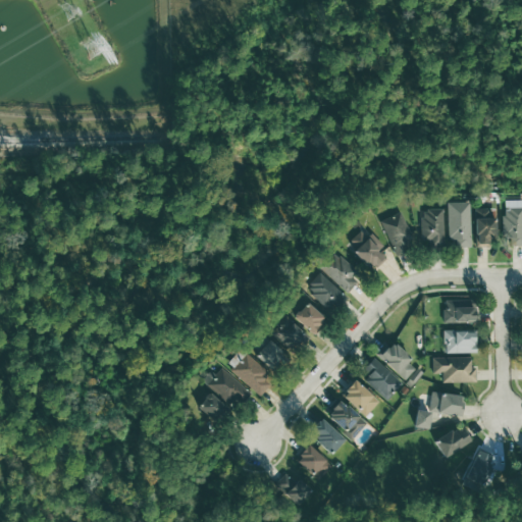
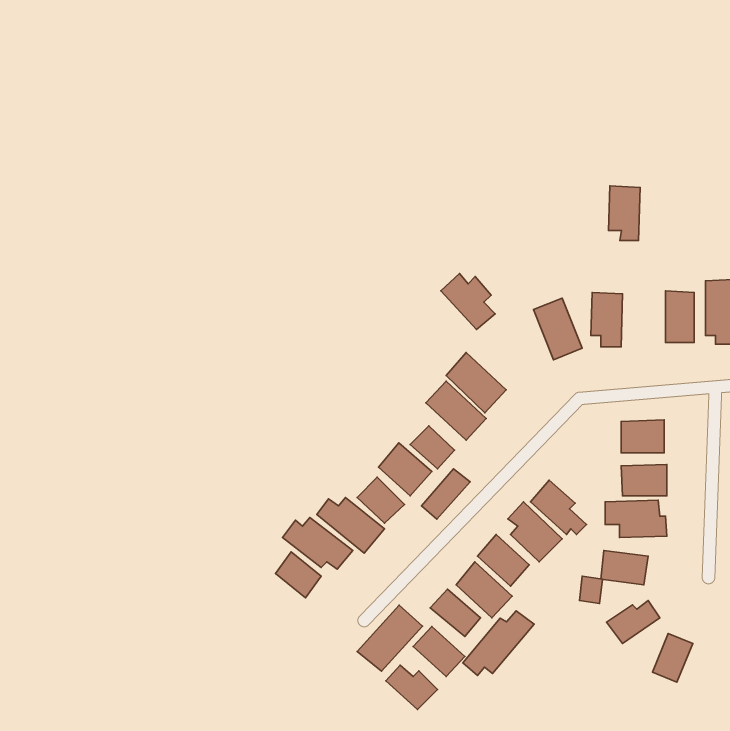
building: [449,208,471,247] -> [608,186,640,240]
building: [348,230,386,270] -> [441,274,495,330]
building: none -> [422,469,470,519]
building: none -> [357,605,422,671]
building: none -> [463,611,534,676]

